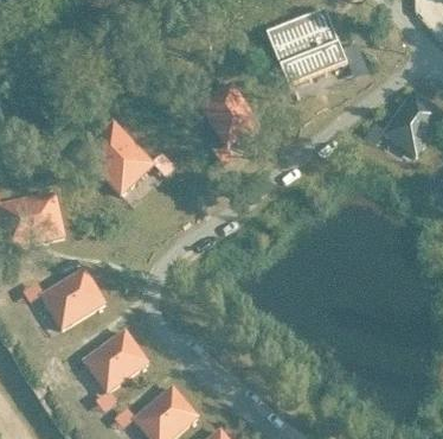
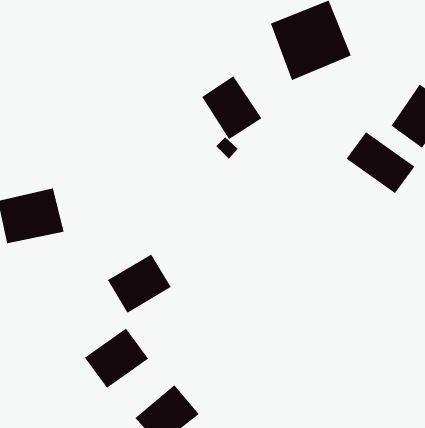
building: [81,122,153,195] -> none
building: none -> [346,131,416,194]
building: [41,269,105,329] -> [107,253,172,314]

